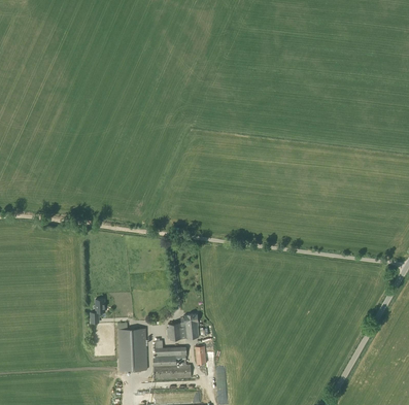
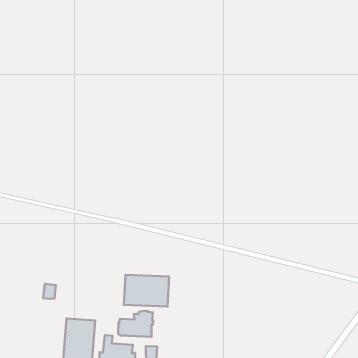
building: none -> [124,275,169,306]

